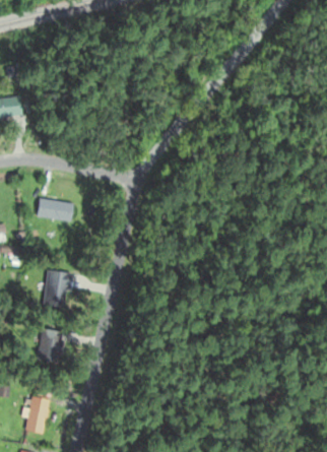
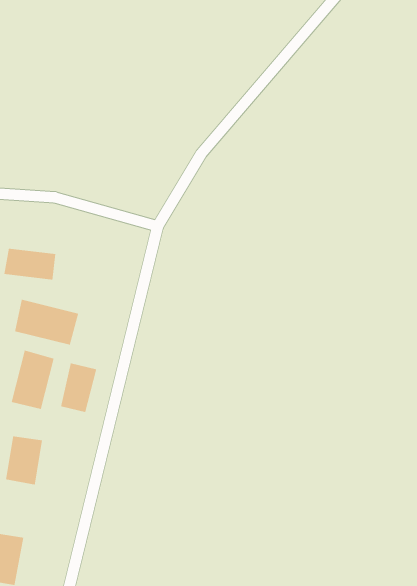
building: none -> [14,299,79,346]
building: none -> [61,362,97,413]

